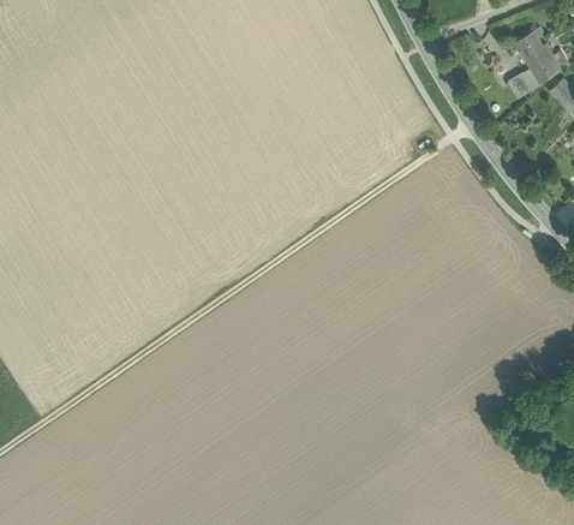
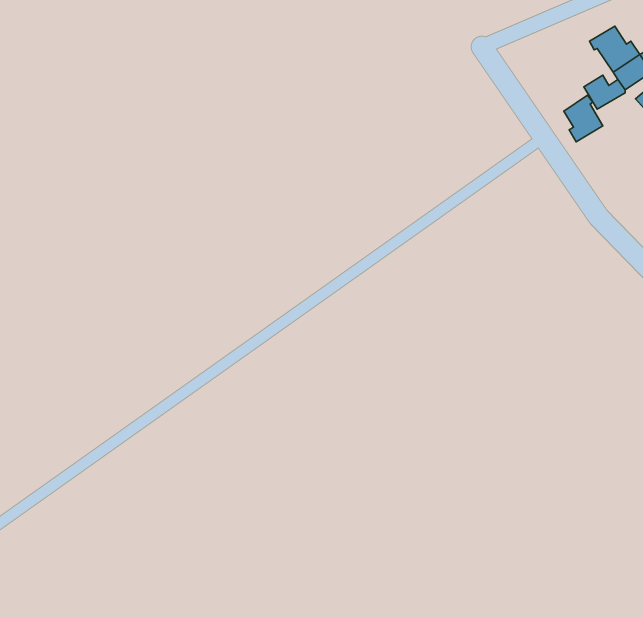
building: none -> [564,95,603,142]

